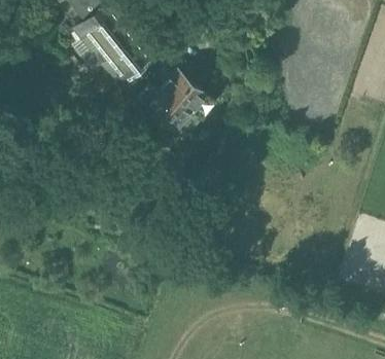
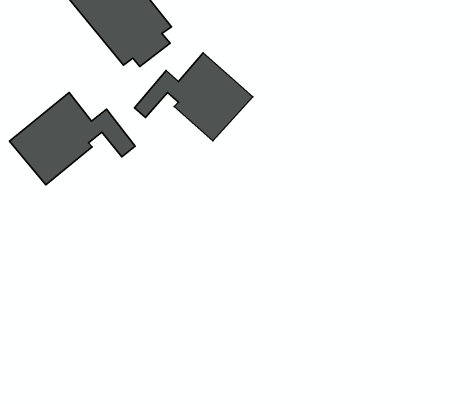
building: none -> [9,93,135,185]

